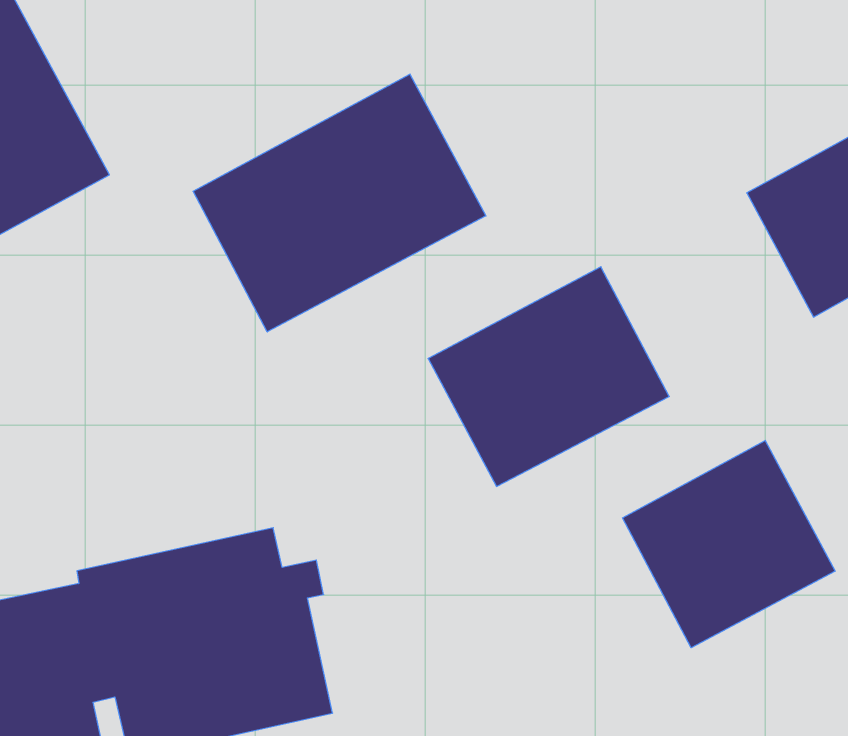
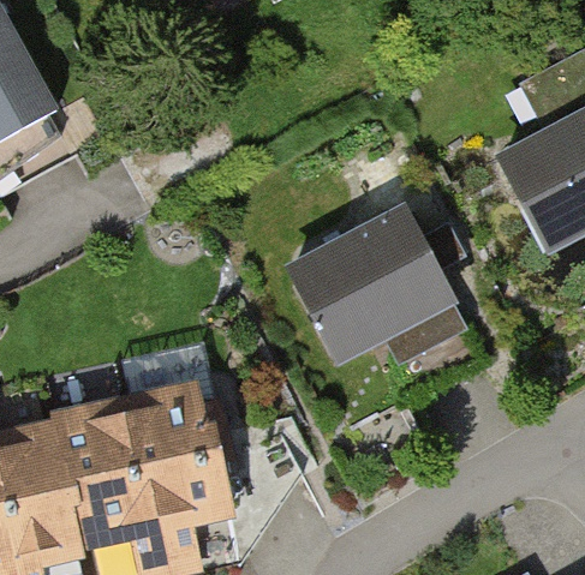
building: [193,74,486,332] -> none
building: [623,440,835,648] -> none

